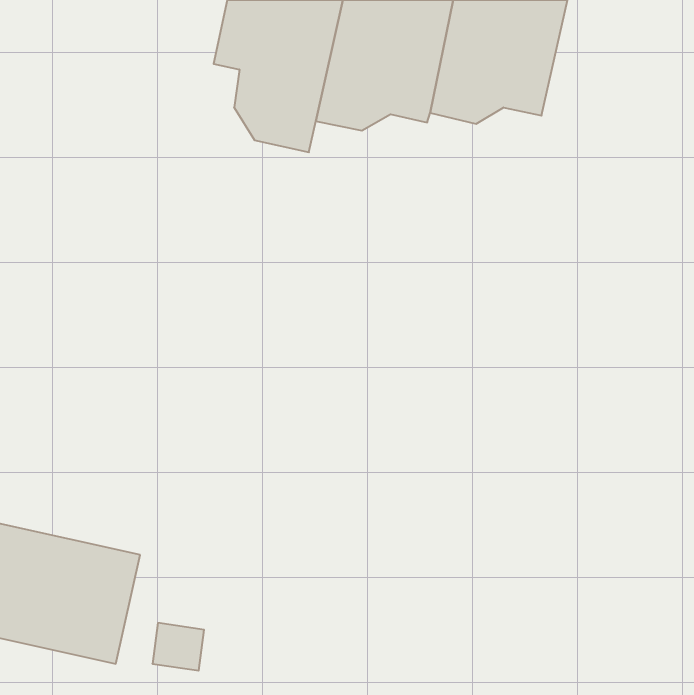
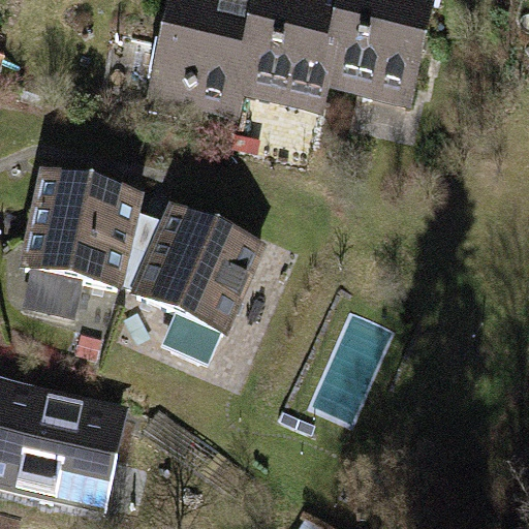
building: none -> [26,181,137,317]
building: none -> [137,214,259,366]

